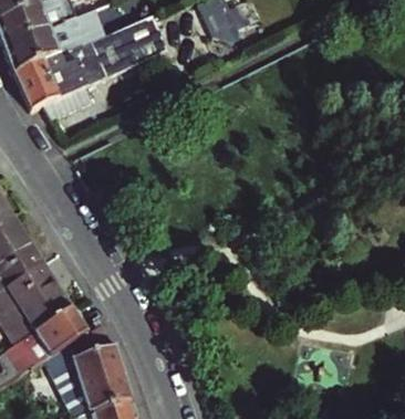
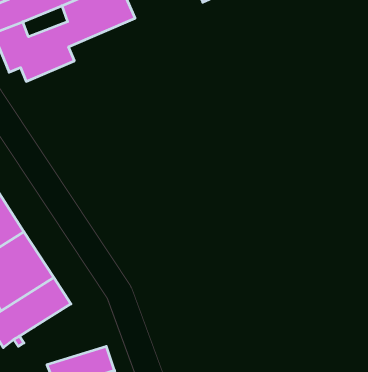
building: [54,325,124,392] -> none

